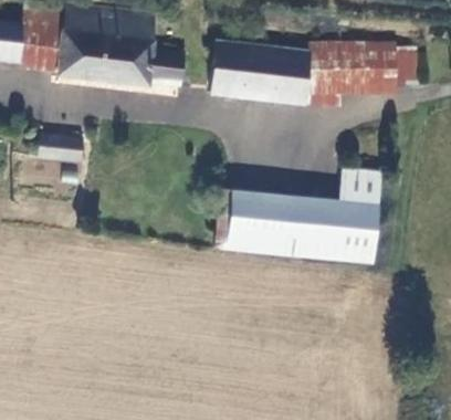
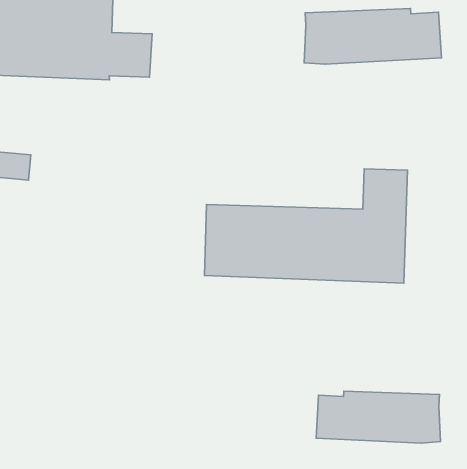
building: [211,43,323,106] -> none
building: none -> [316,391,441,443]

